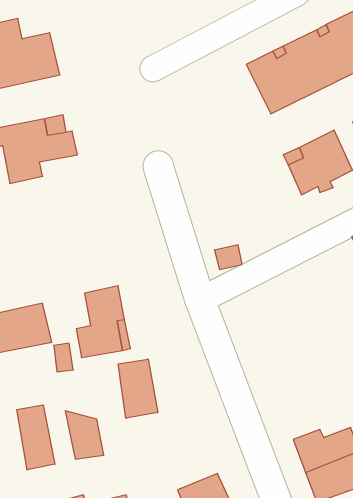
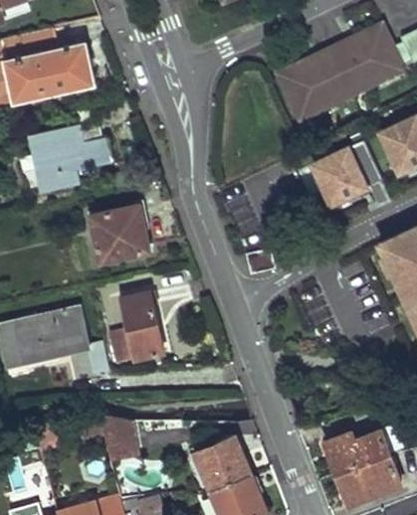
building: none -> [89,206,143,263]
building: [118,359,158,418] -> none
building: [17,405,55,470] -> none
building: none -> [193,436,248,492]

